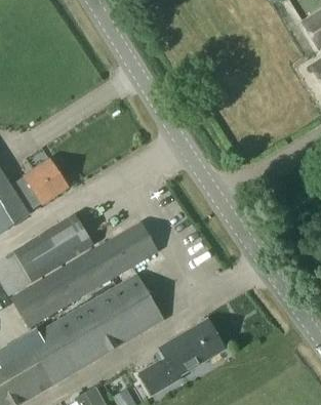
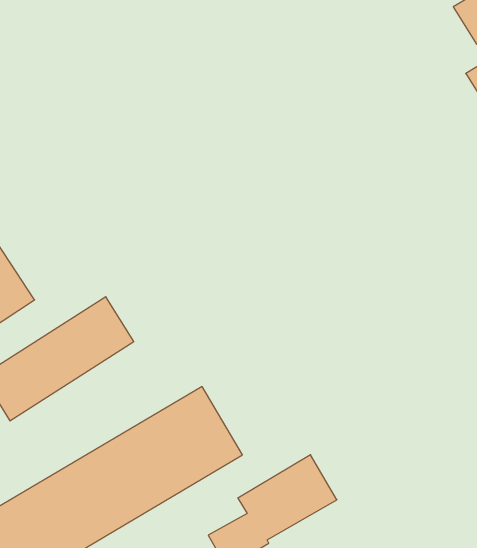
building: [25,159,70,205] -> none
building: [12,221,158,327] -> none

